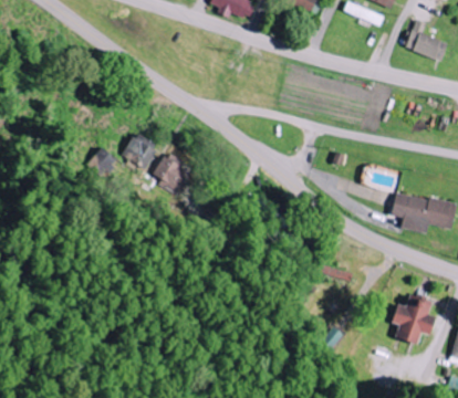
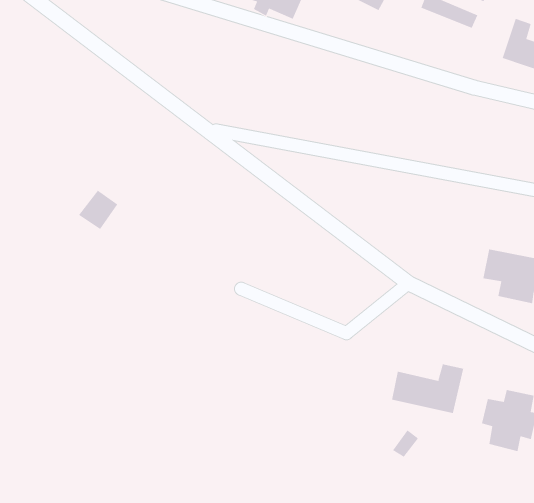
building: [122,133,157,169] -> none
building: [153,151,189,192] -> none
building: none -> [391,364,464,414]

